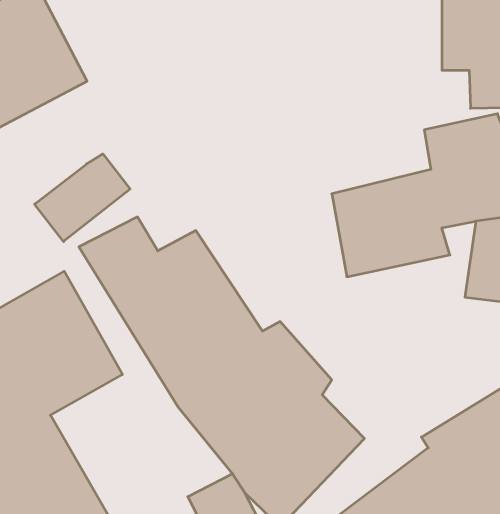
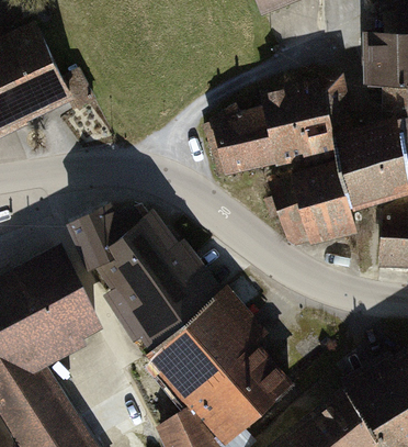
building: none -> [204,78,356,180]
building: [35,154,130,242] -> none

